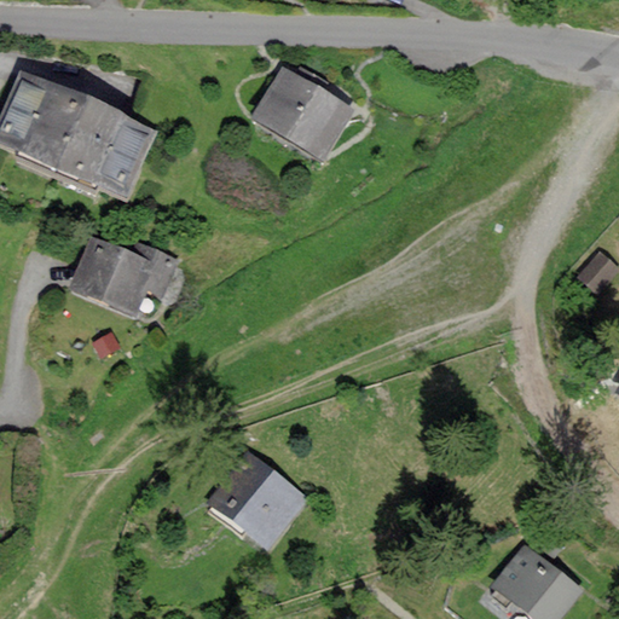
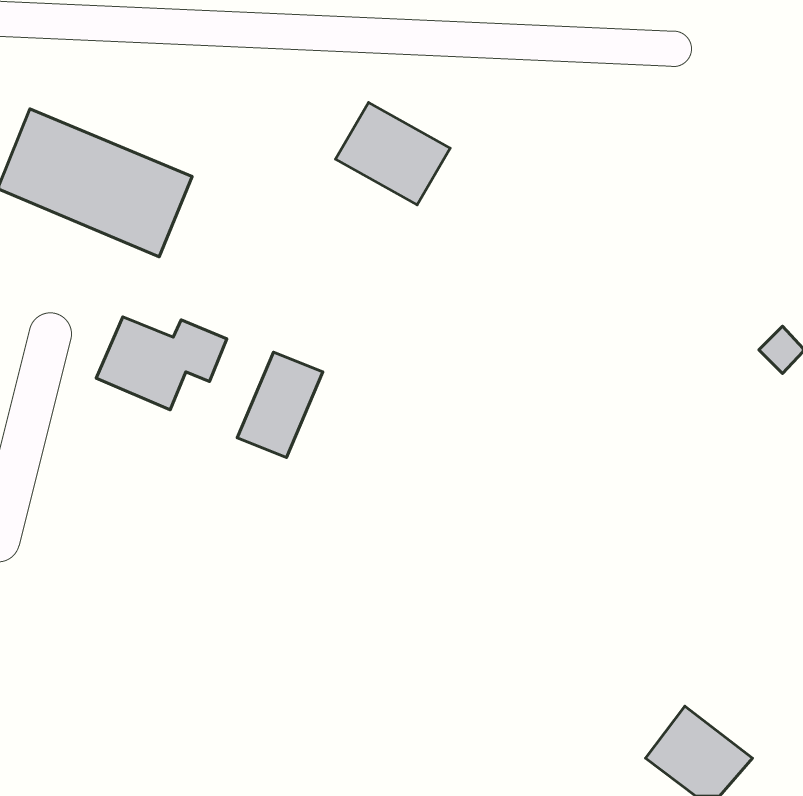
building: none -> [237,352,323,457]
building: [214,446,302,533] -> none

